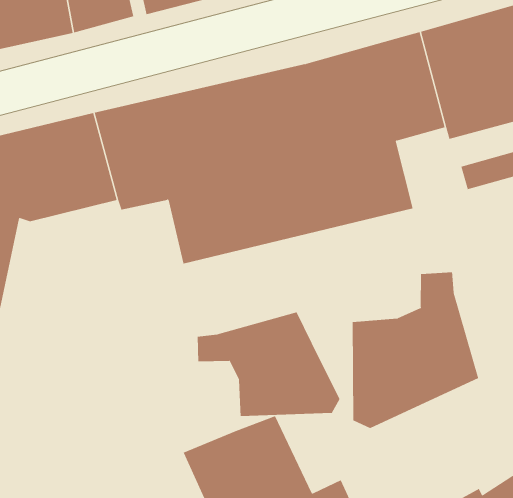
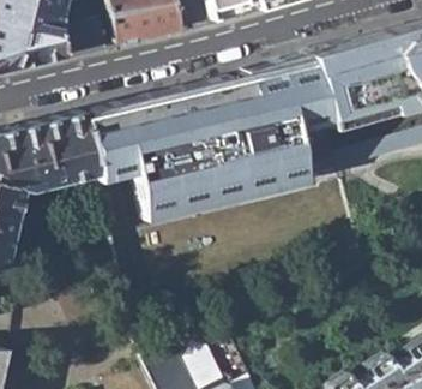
building: [352,272,479,429] -> none
building: [197,311,340,417] -> none

